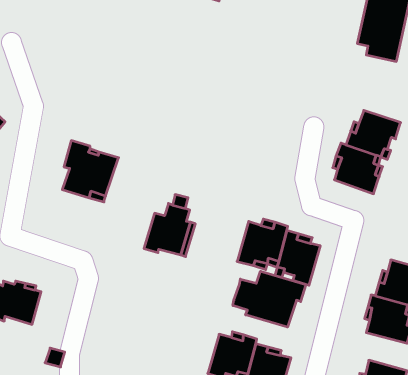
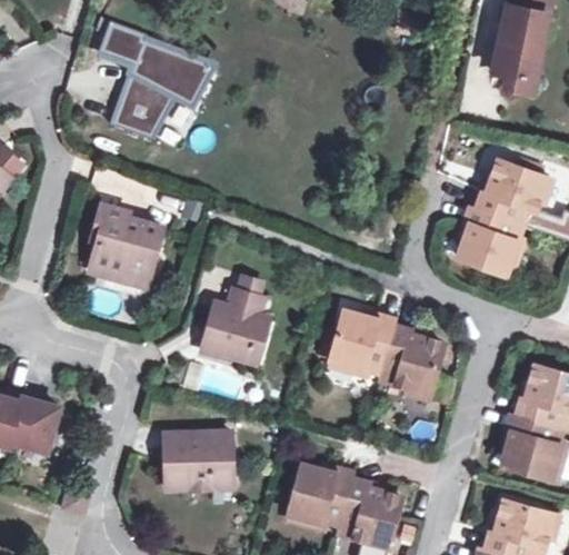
building: none -> [98,19,213,137]
building: [233,271,306,327] -> none
building: none -> [166,429,234,488]

